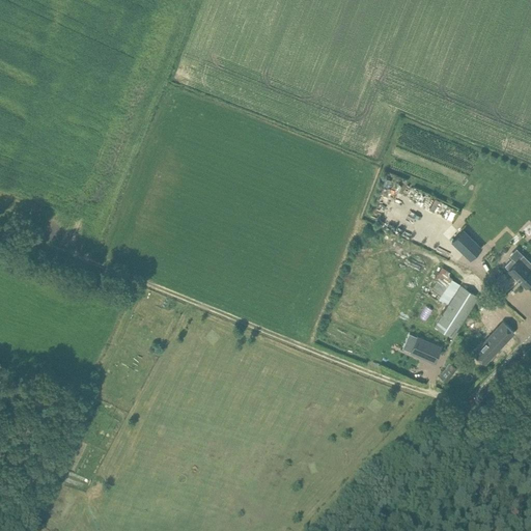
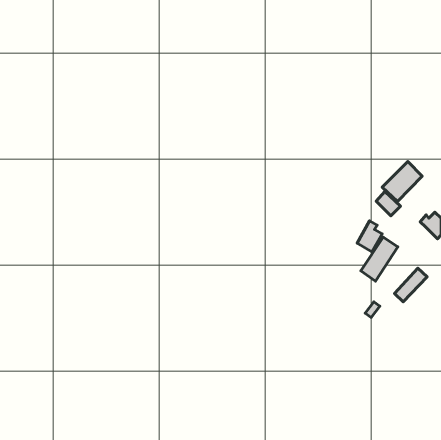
building: none -> [382,161,422,202]
building: [411,337,441,363] -> none

